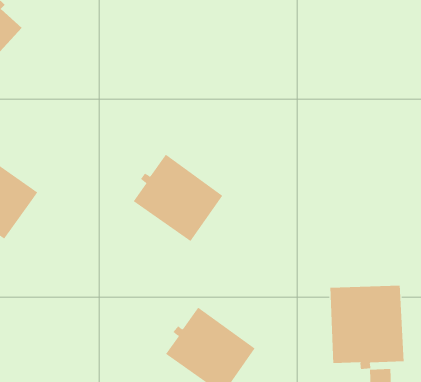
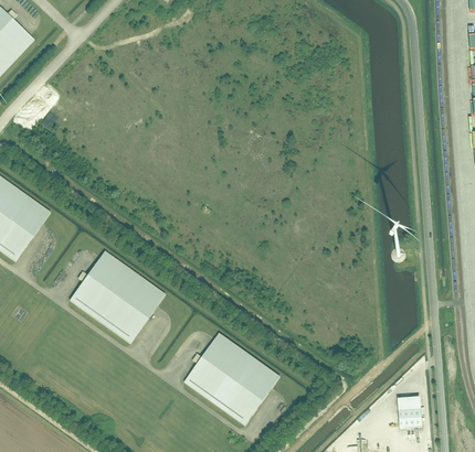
building: [133,154,223,242] -> [70,249,165,342]
building: [330,285,404,370] -> none

